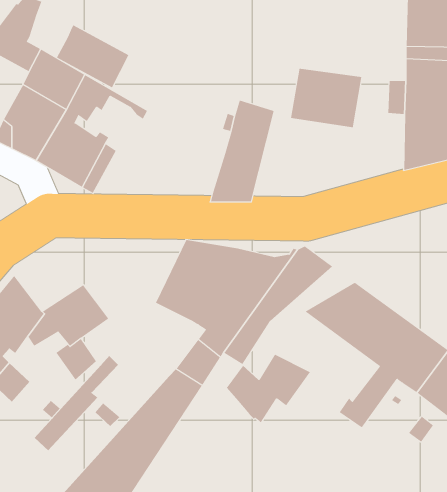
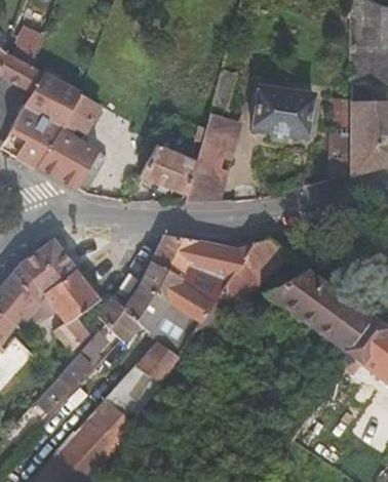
building: [56,24,129,88] -> none
building: none -> [140,145,197,193]
building: none -> [20,236,78,293]
building: [226,354,311,423] -> [98,286,169,345]

